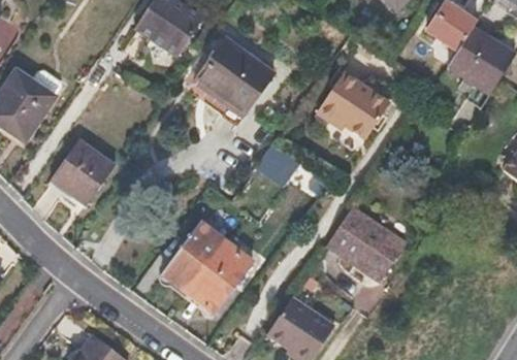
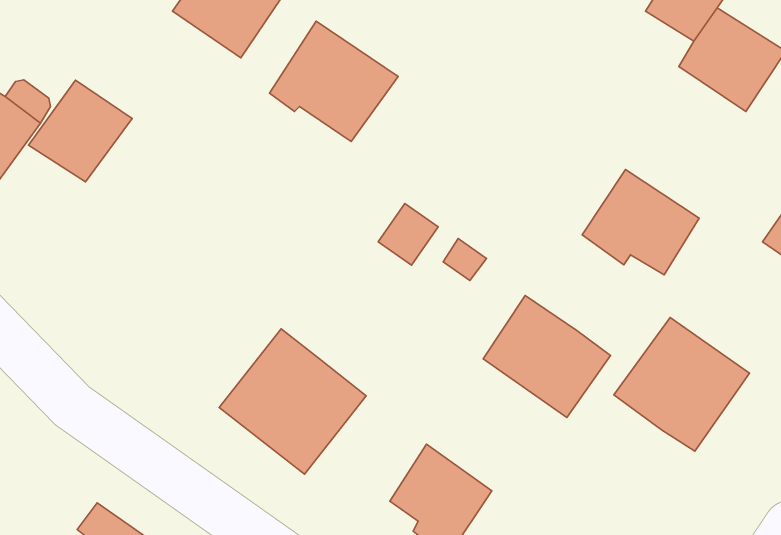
building: [314,72,386,137] -> [582,170,699,275]
building: [54,141,118,204] -> [29,80,132,182]
building: none -> [614,318,749,451]

